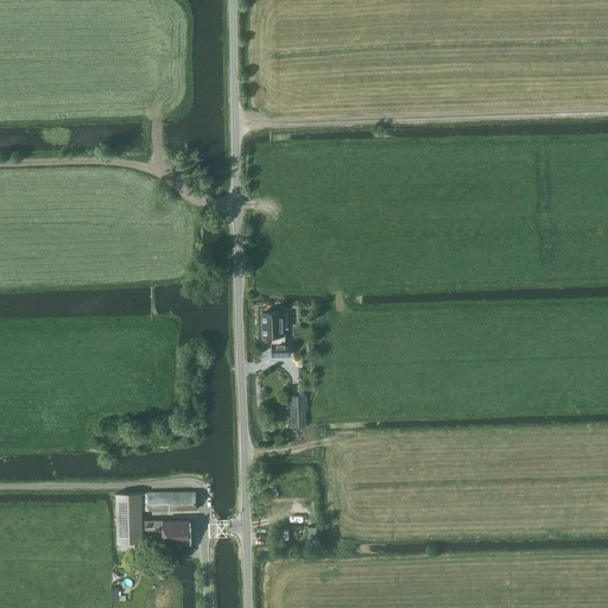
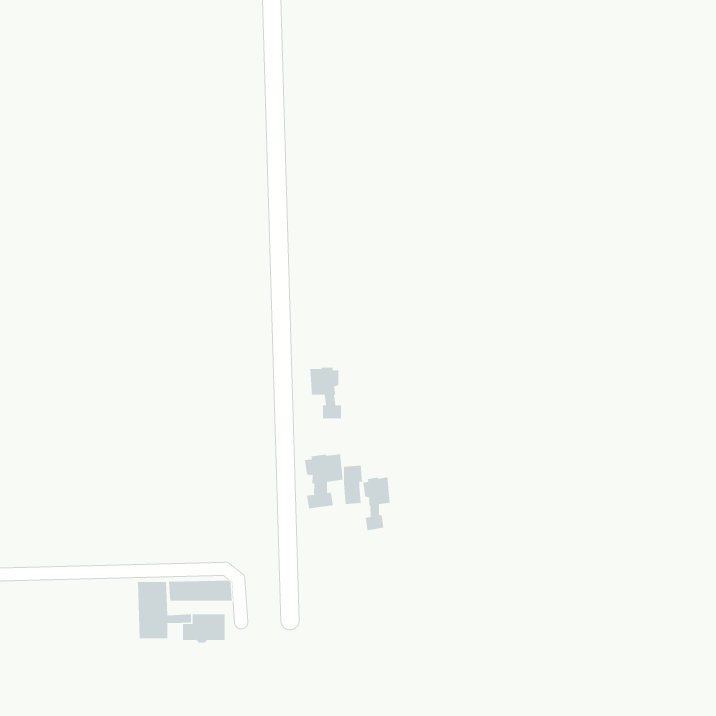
building: none -> [304,453,343,509]
building: none -> [363,477,390,531]

